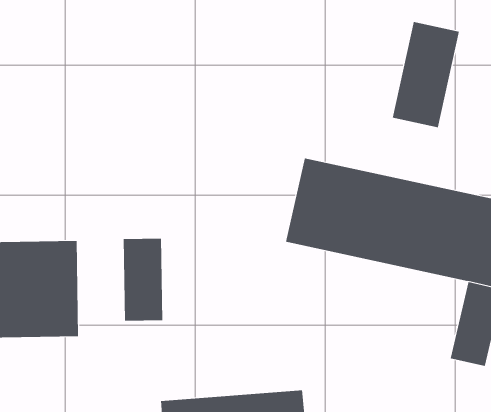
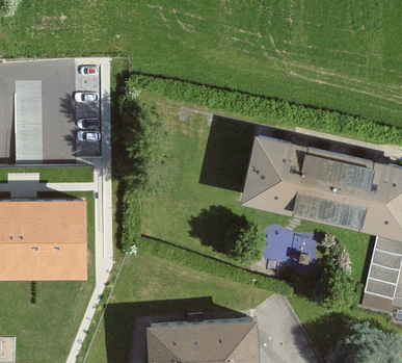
building: [392,21,460,128] -> none
building: [123,238,163,321] -> none

